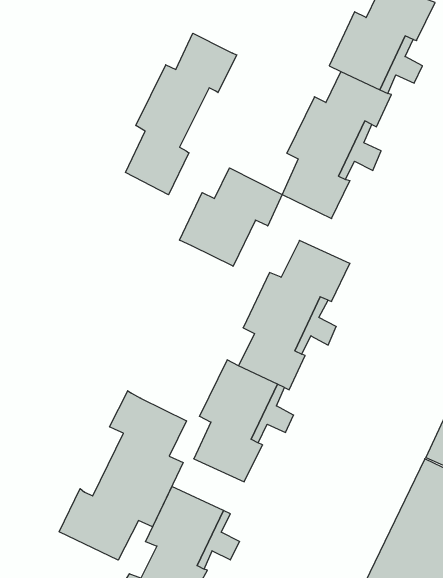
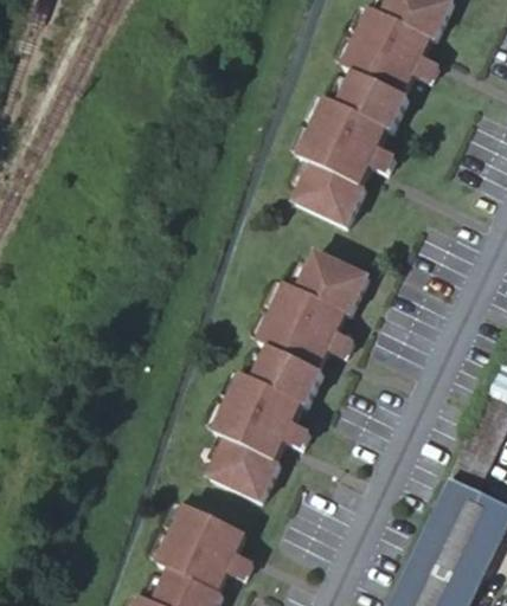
building: [126,33,237,195] -> none
building: [180,168,282,266] -> none
building: [59,391,186,560] -> none

